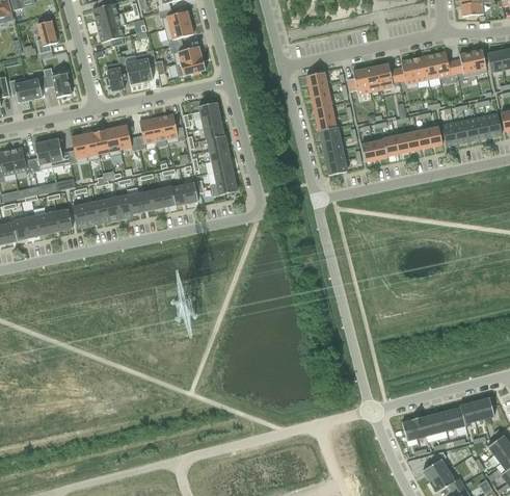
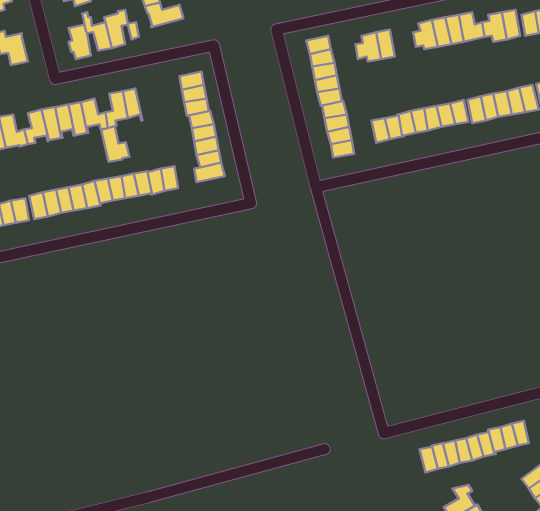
building: [175,57,206,77] -> none
building: [376,63,399,89] -> none
building: [161,113,185,143] -> [101,126,130,162]

